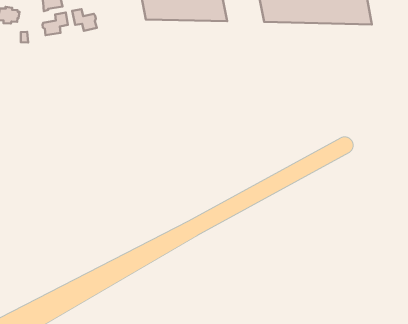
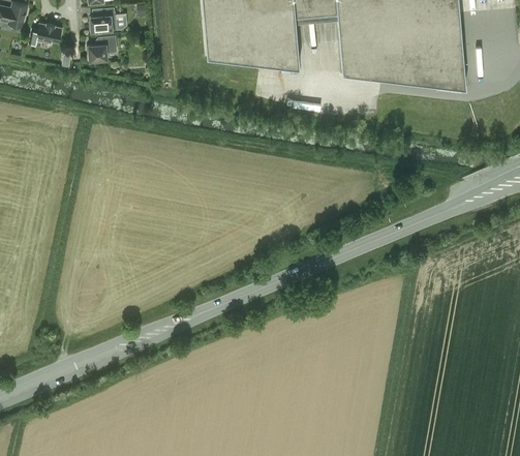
building: [72,9,97,31] -> none

